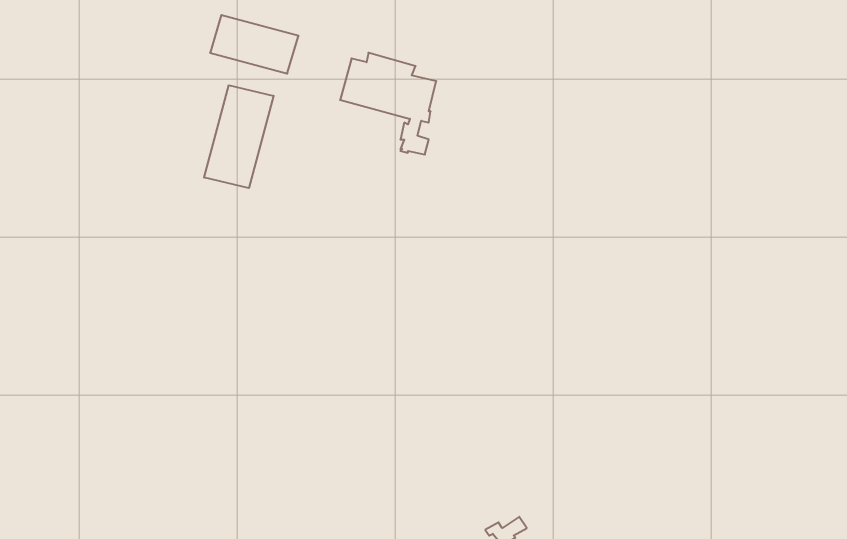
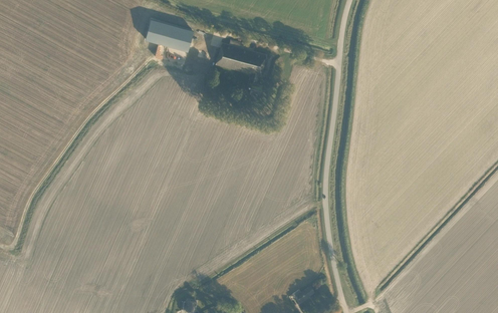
building: [204,85,274,188] -> none

